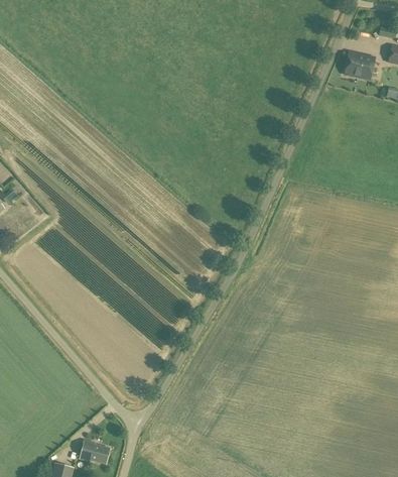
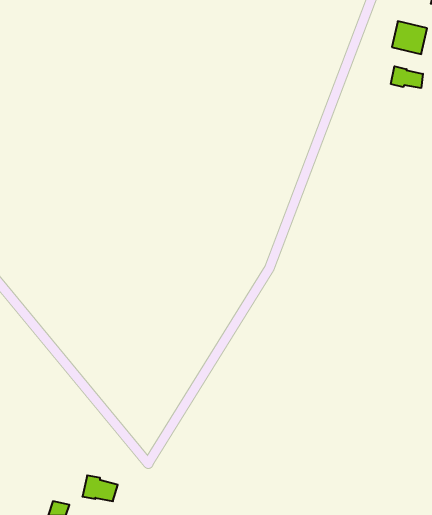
building: none -> [391,66,423,88]

